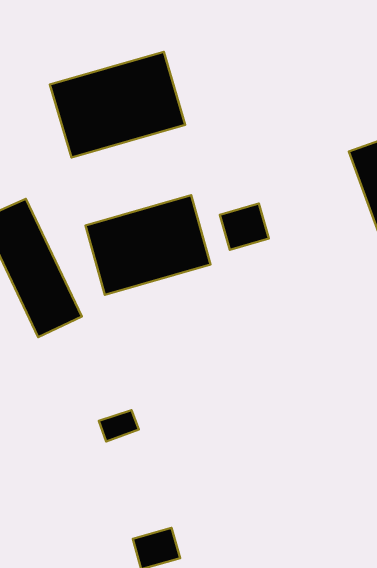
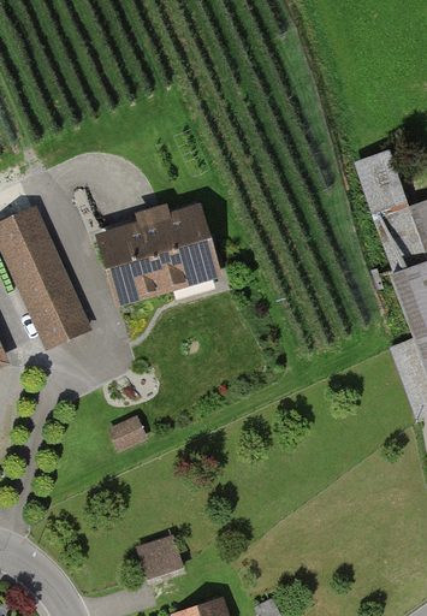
building: [50,52,185,158] -> none
building: [220,203,269,250] -> none

